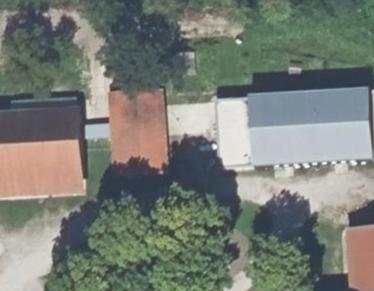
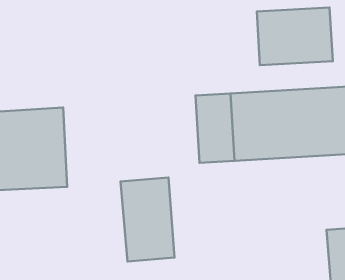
building: none -> [257,8,333,65]
building: [111,89,165,173] -> [120,177,175,261]

